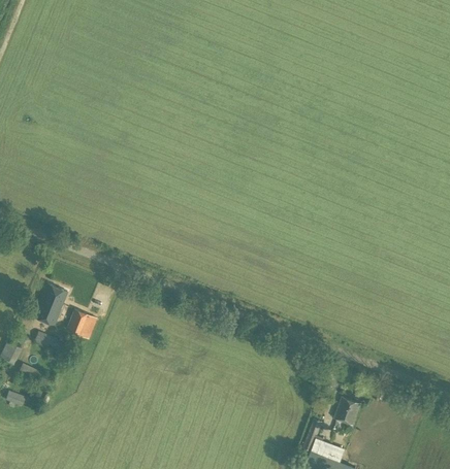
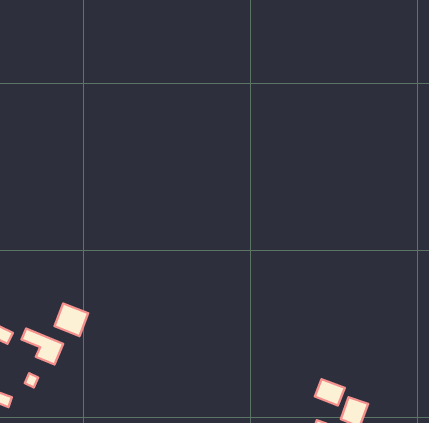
building: [34,283,68,324] -> none
building: none -> [315,379,345,405]

